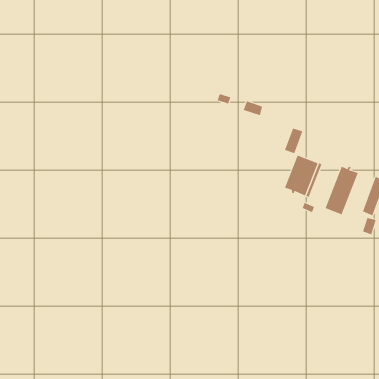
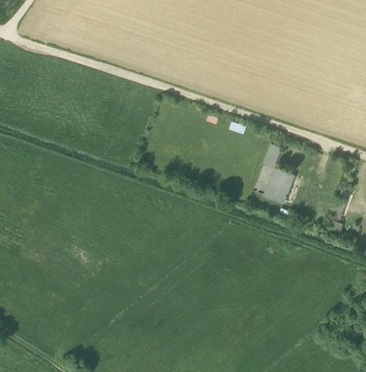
building: [325,166,359,215] -> none

